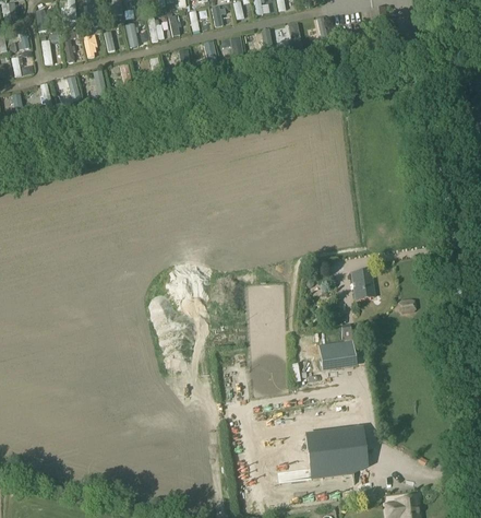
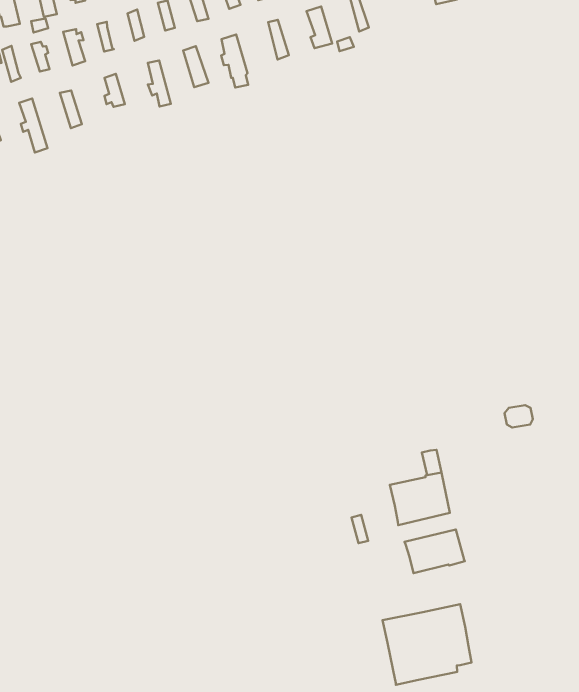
building: [352,269,375,297] -> none
building: none -> [405,530,465,573]

